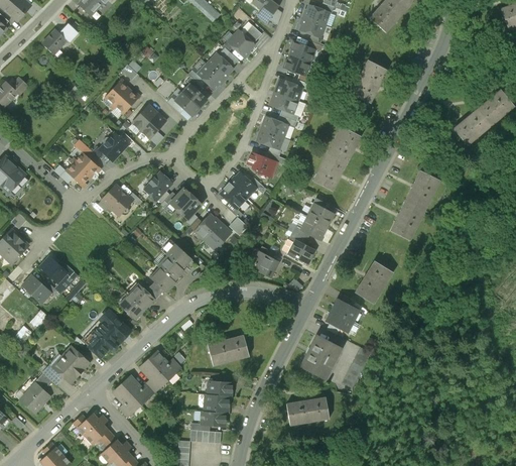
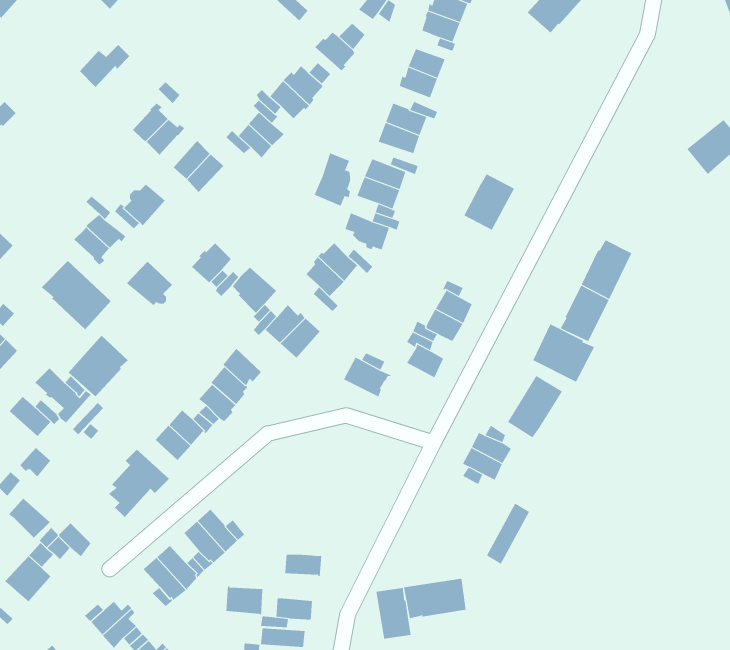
building: [42,25,77,54] -> [79,44,130,88]
building: [350,61,386,103] -> none
building: [454,110,490,145] -> none
building: none -> [314,153,351,206]
building: [313,154,346,190] -> none
building: none -> [41,260,111,330]
building: none -> [532,323,595,382]
building: none -> [68,335,129,397]
building: [208,335,249,364] -> none
building: [300,335,342,379] -> none
building: [60,347,89,374] -> [8,498,50,539]
building: [204,393,229,414] -> [226,586,263,616]
building: none -> [376,587,411,639]

